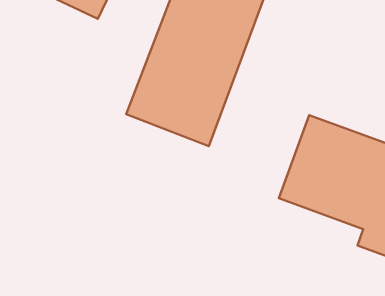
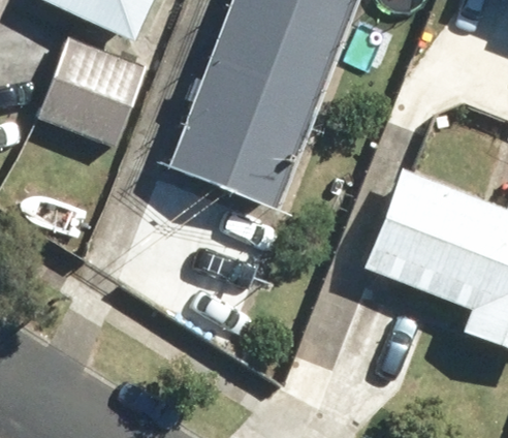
building: none -> [35,40,150,152]

